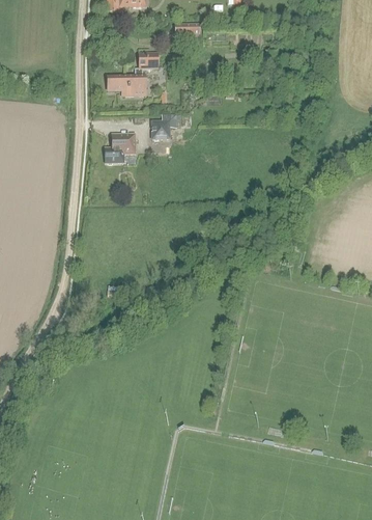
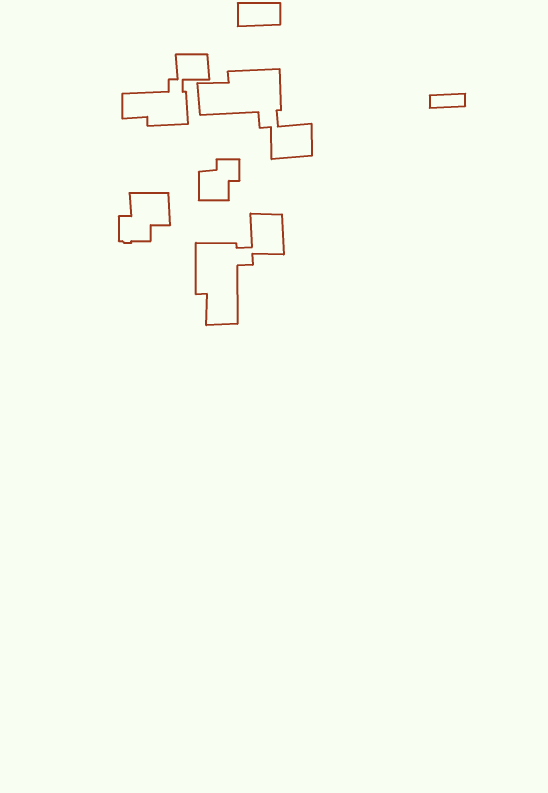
building: none -> [197,69,312,159]
building: none -> [196,213,284,325]

